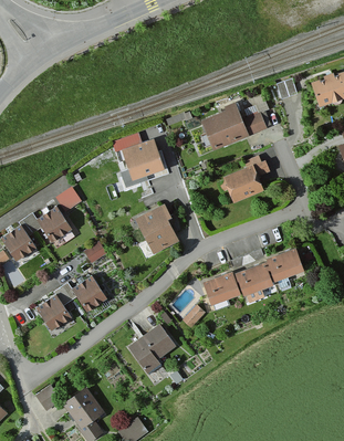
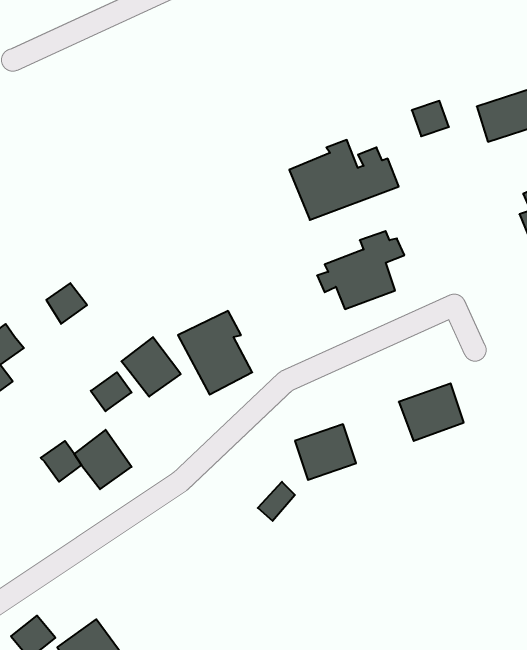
building: [122,138,163,178] -> none
building: [37,204,72,240] -> [121,337,181,397]
building: [236,262,273,303] -> none
building: [34,293,70,329] -> none
building: [127,324,175,374] -> none

